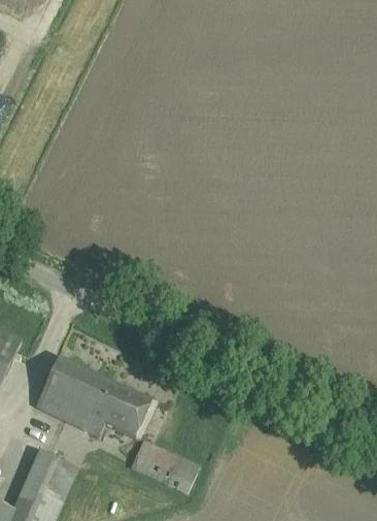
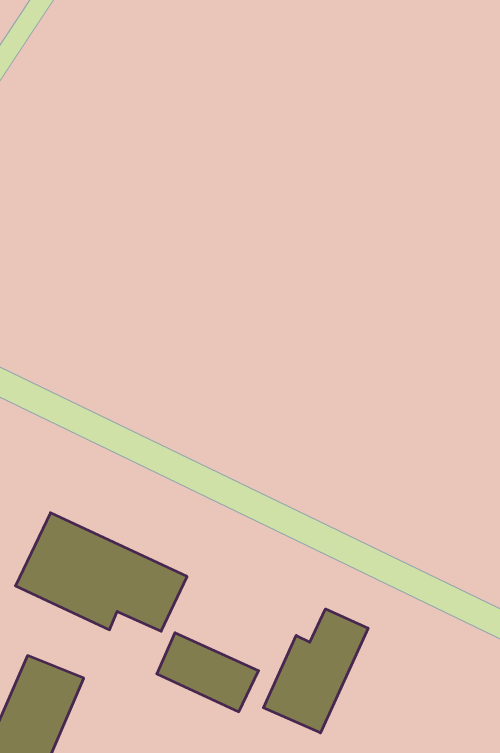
building: none -> [263,609,368,733]

